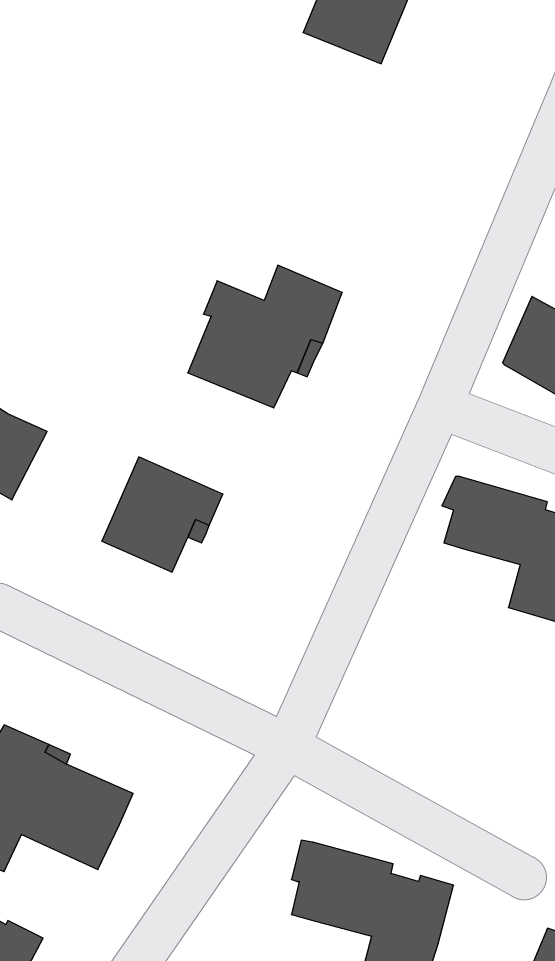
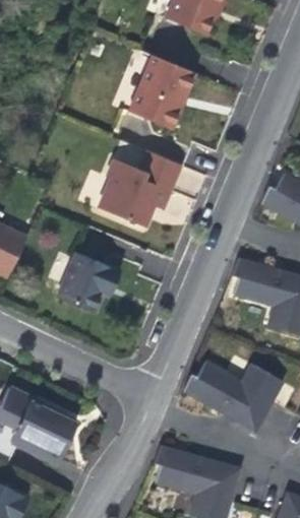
building: none -> [128,55,194,128]
building: none -> [186,355,286,426]

